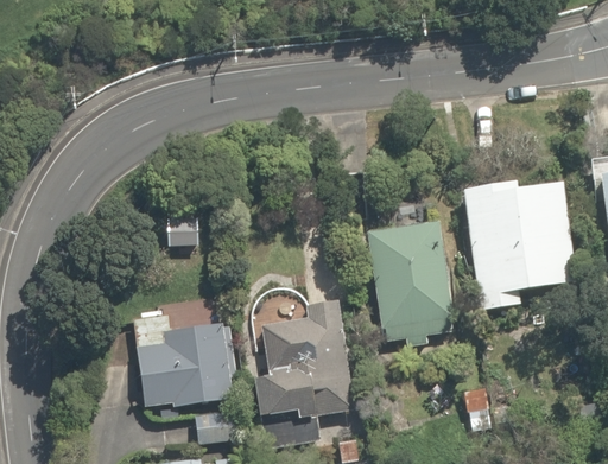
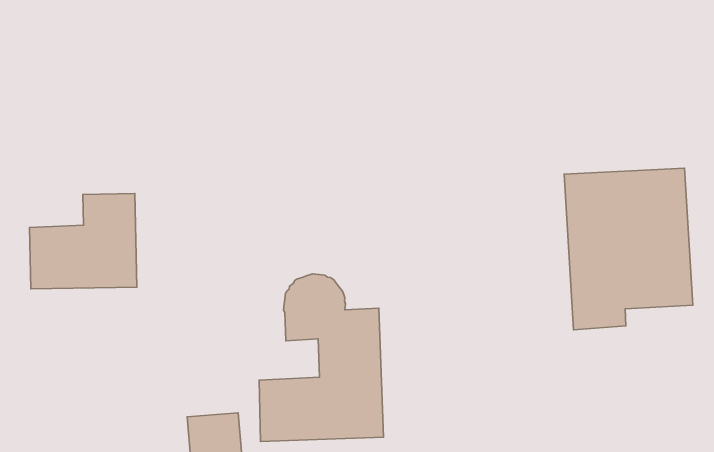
building: [373,217,454,341] -> none
building: [140,325,229,409] -> [29,194,137,289]

